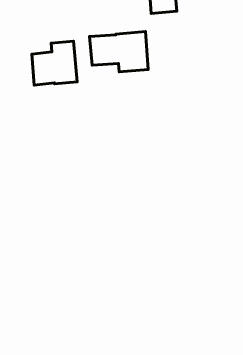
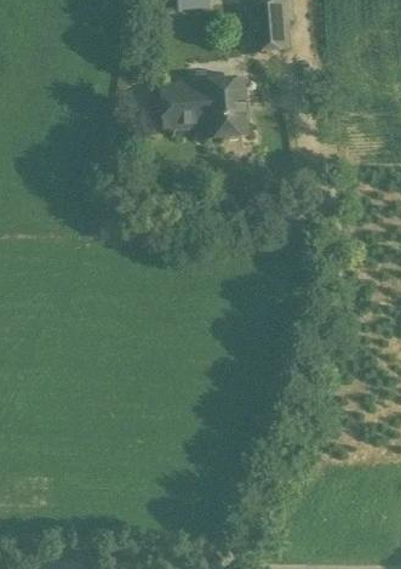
building: [32,41,77,85] -> none

